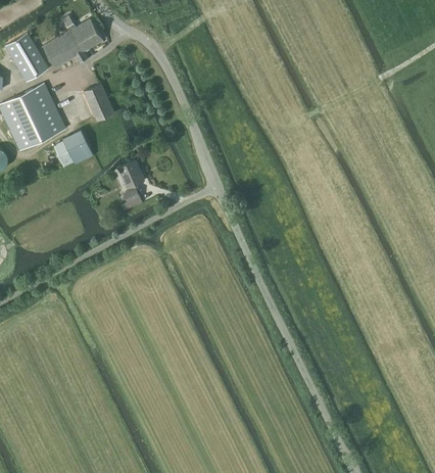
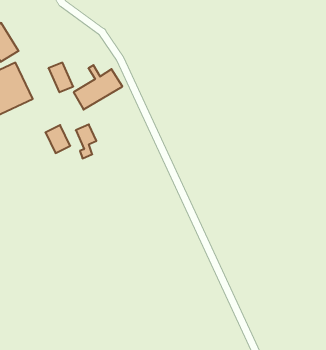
building: [44,13,104,68] -> [74,65,122,110]
building: [63,130,94,164] -> [45,125,70,153]

